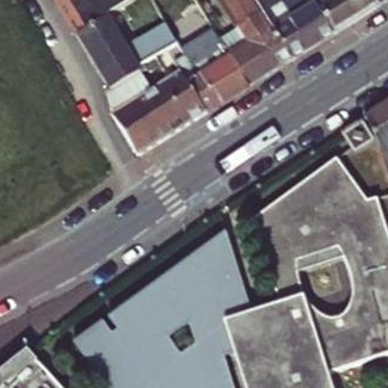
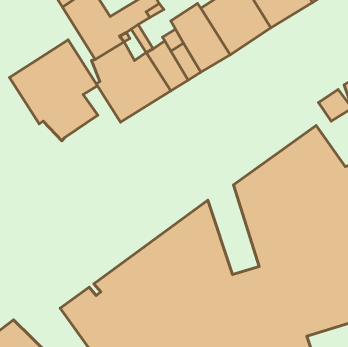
building: none -> [10,40,98,141]

